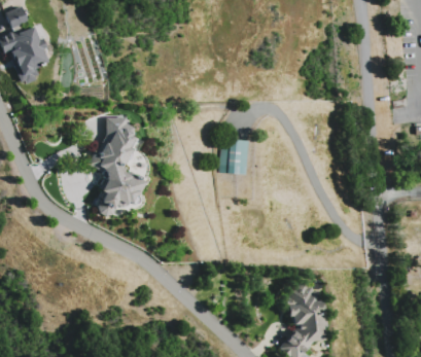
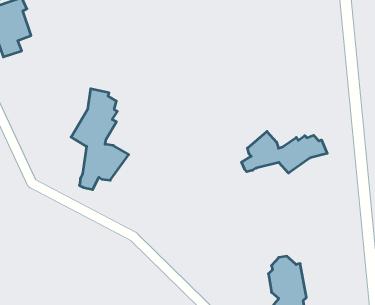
building: [223,139,249,174] -> none
building: none -> [242,131,327,173]

